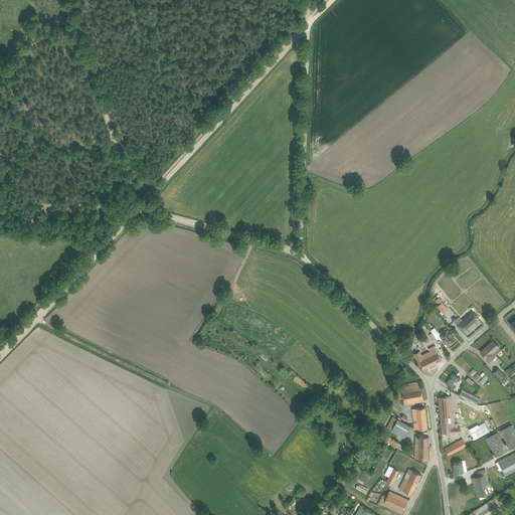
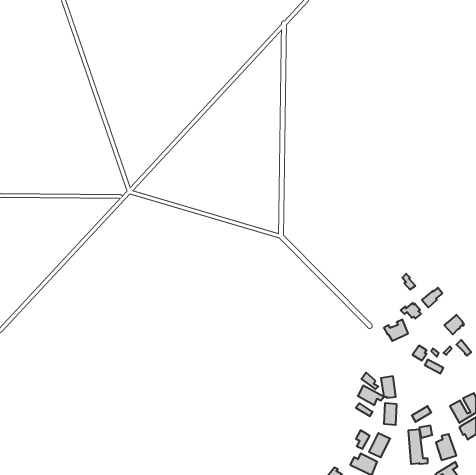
building: [397,382,423,405] -> none
building: [439,396,460,434] -> [408,429,428,464]

